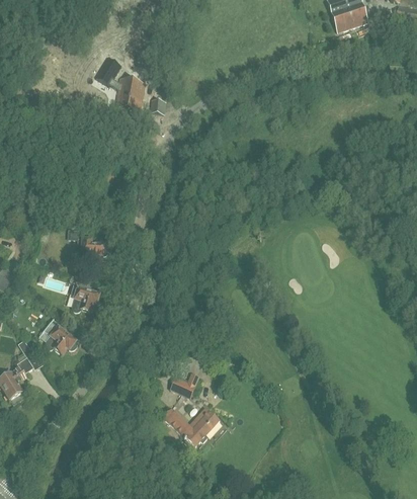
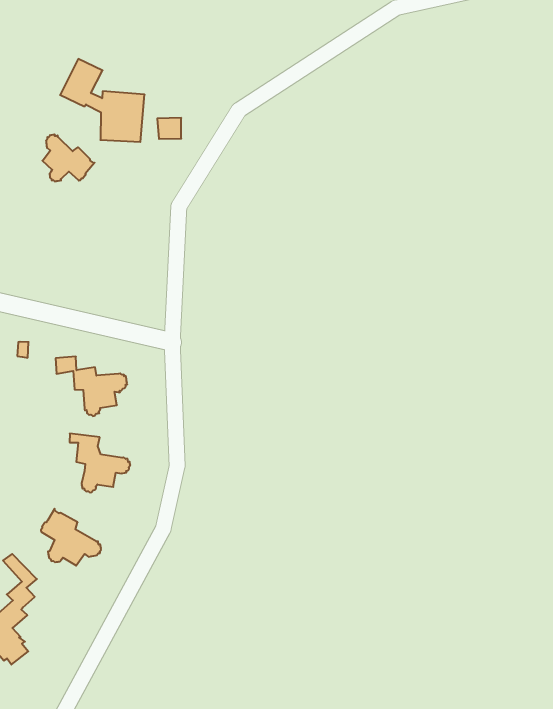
building: none -> [42,134,95,182]
building: [171,372,199,397] -> none
building: [164,407,220,446] -> none

